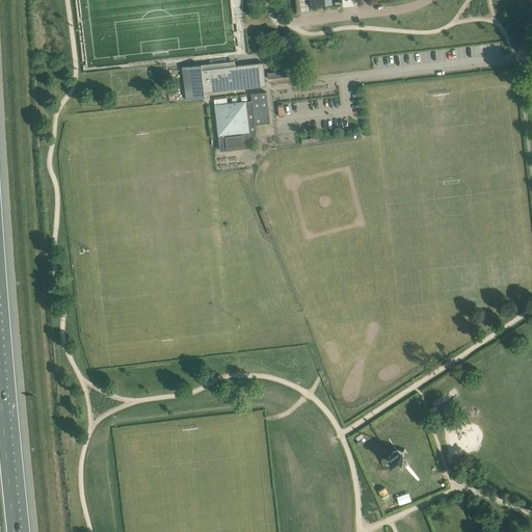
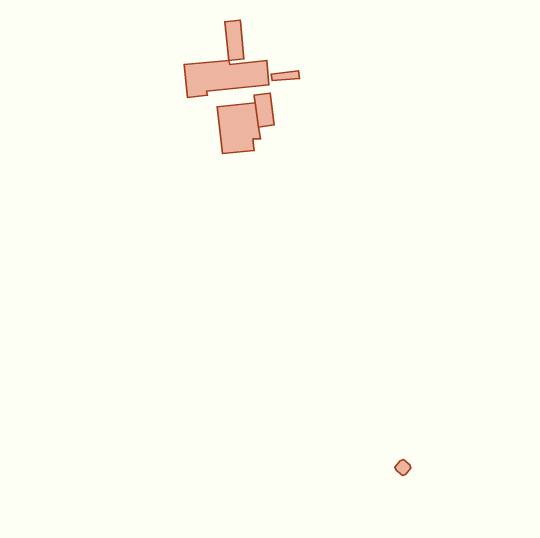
building: none -> [225,20,244,60]

